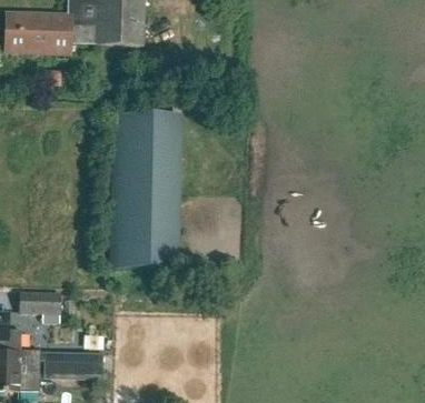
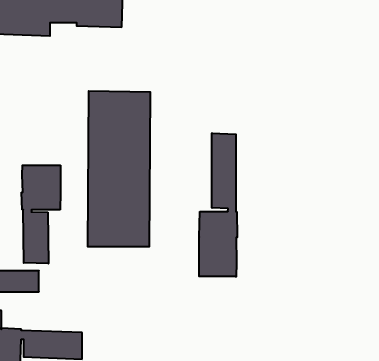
building: none -> [199,133,237,277]
building: none -> [22,165,61,264]

